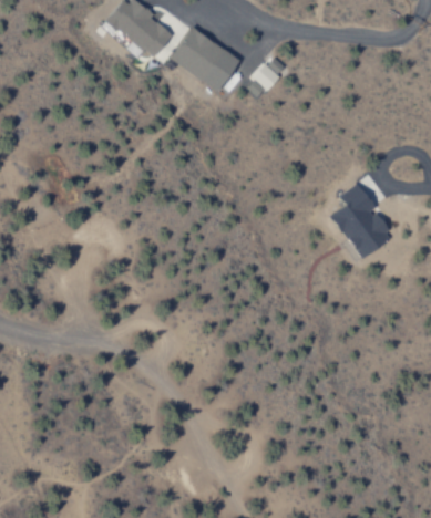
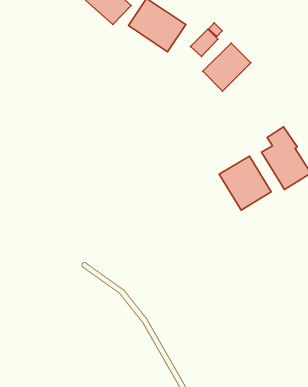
building: none -> [203,43,251,91]
building: none -> [219,156,271,210]

